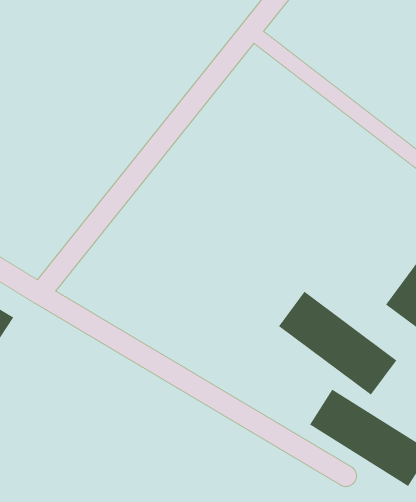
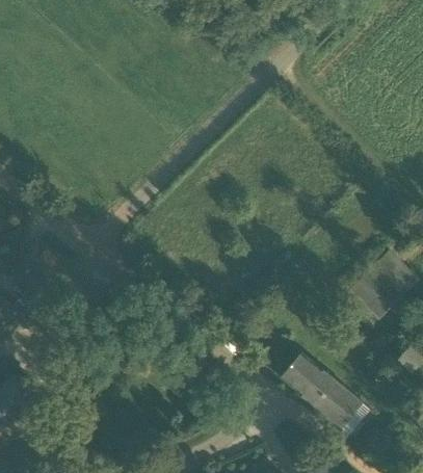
building: [278,291,397,396] -> none

